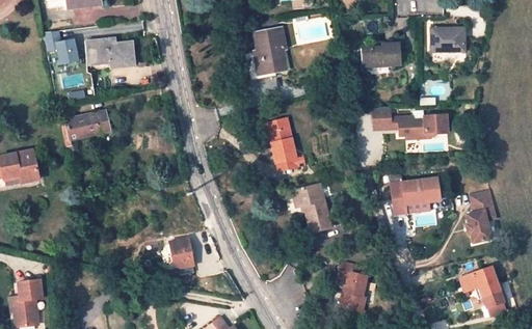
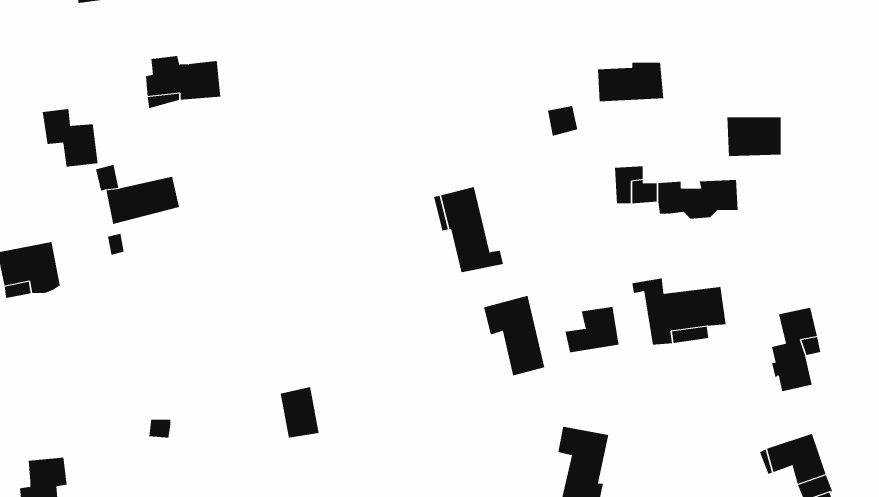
building: [247,27,290,78] -> none
building: [430,27,463,51] -> [726,117,782,157]
building: [44,29,78,64] -> [42,108,99,167]
building: none -> [565,306,619,353]

